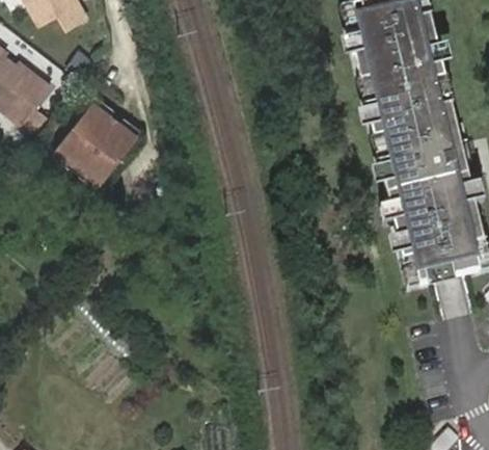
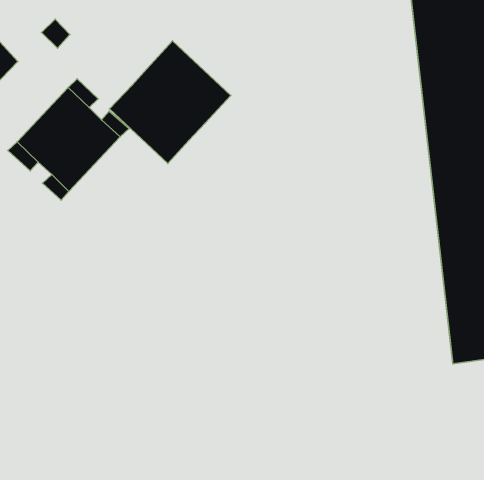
building: none -> [110,41,231,164]

